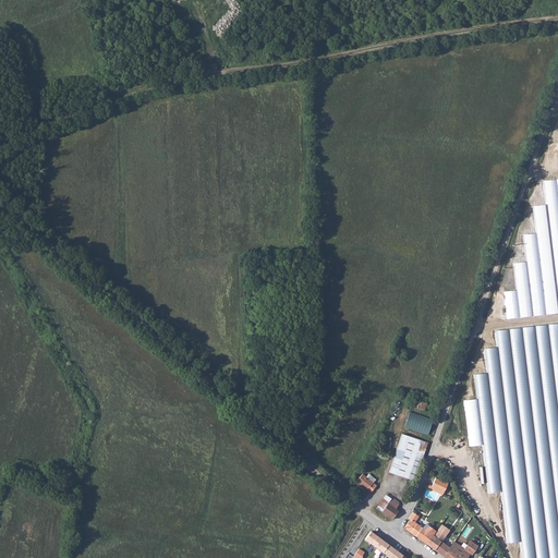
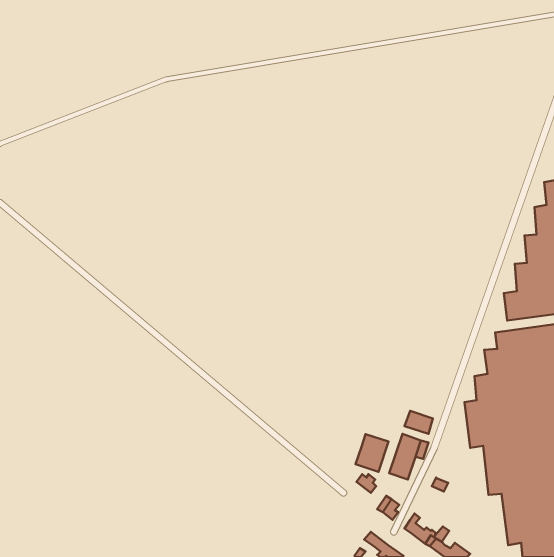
building: none -> [355,434,389,472]

